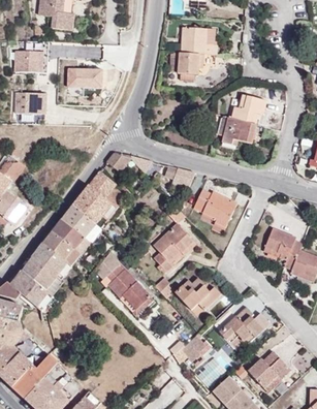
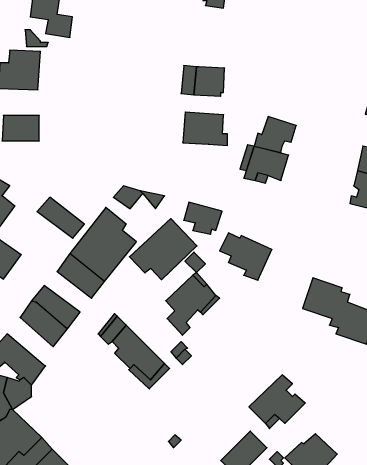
building: [178,30,214,57] -> [183,112,227,145]
building: [68,69,103,89] -> none
building: none -> [129,219,197,280]
building: [53,220,91,253] -> [37,197,84,238]
building: [23,257,63,295] -> none
building: [173,277,218,308] -> none
building: [181,334,212,366] -> none

